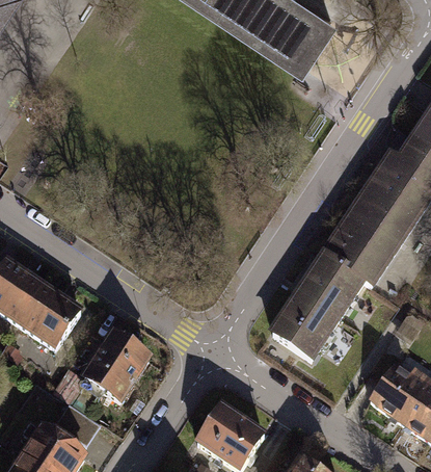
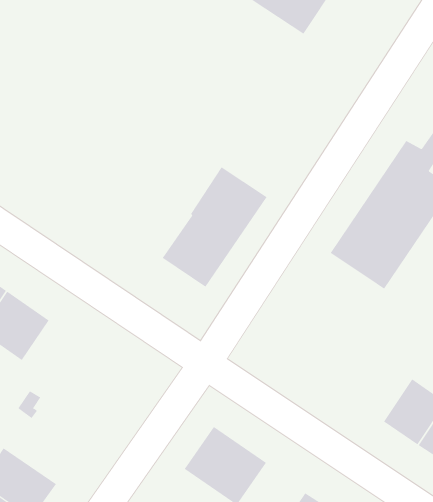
building: [272,253,365,359] -> [162,166,267,287]
building: [81,330,150,400] -> none
building: [51,401,96,442] -> none

